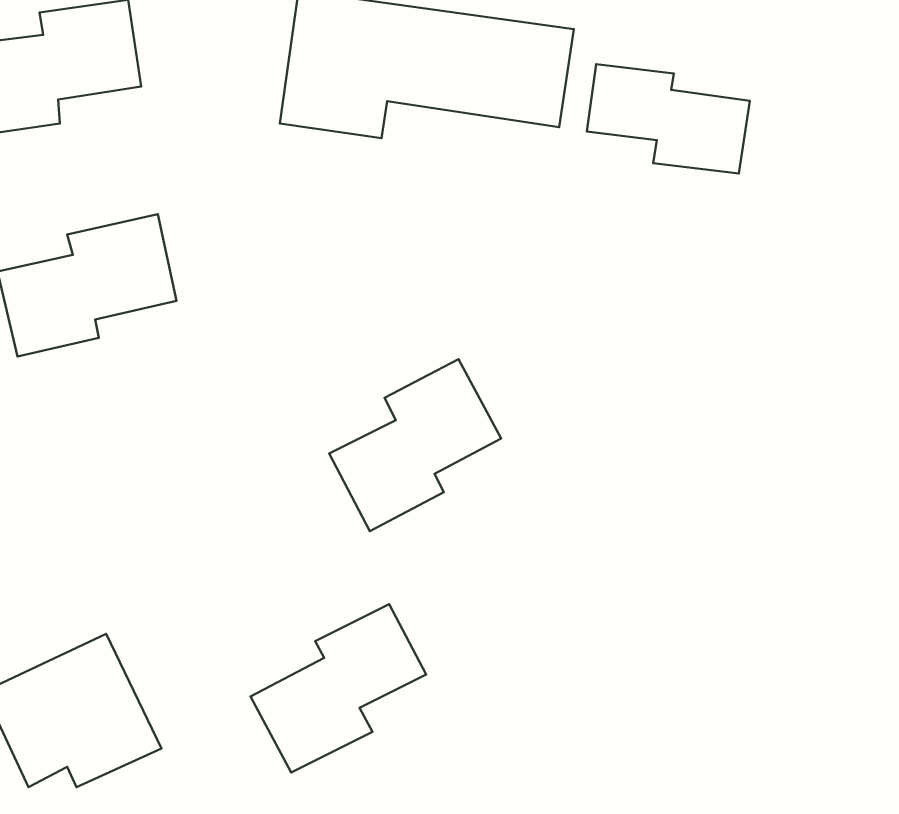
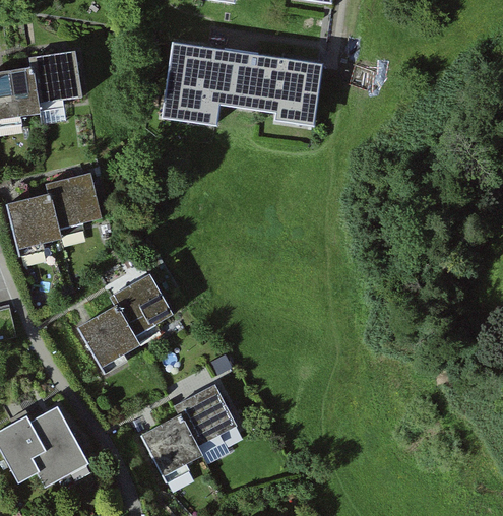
building: [587,64,750,174] -> none
building: [329,359,501,531] -> [75,271,170,366]

